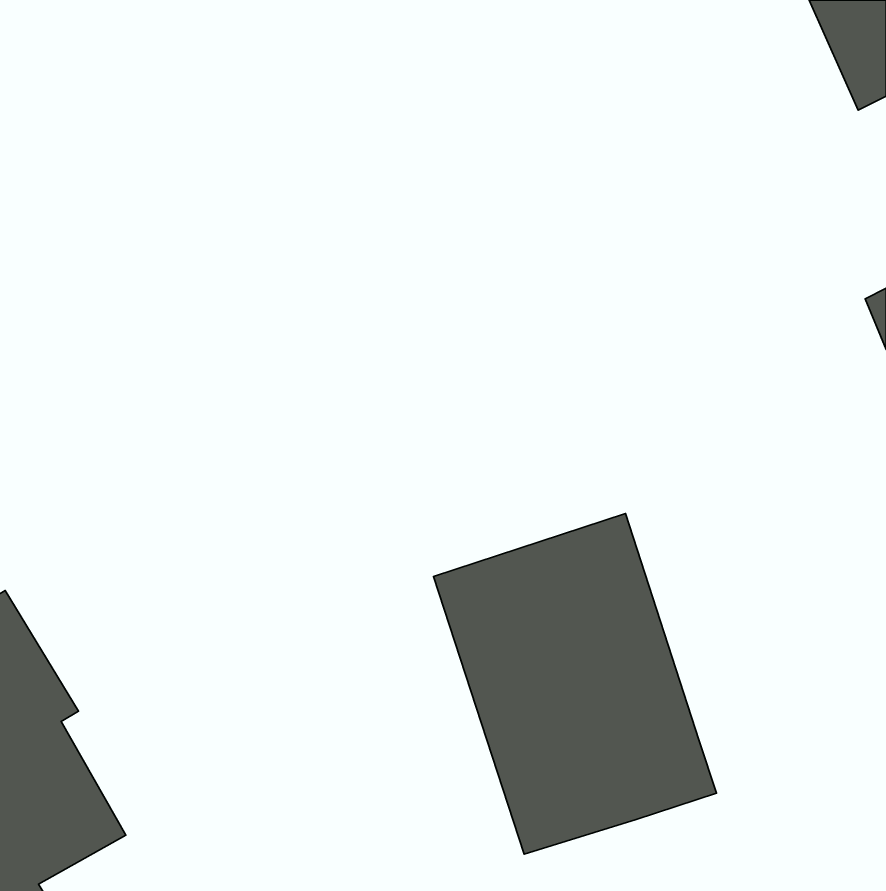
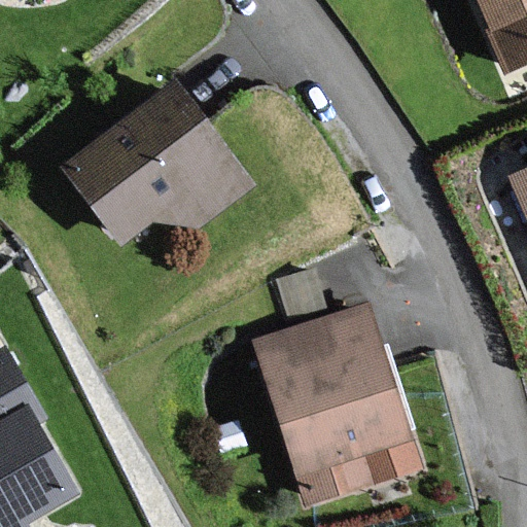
building: none -> [73,85,247,231]

